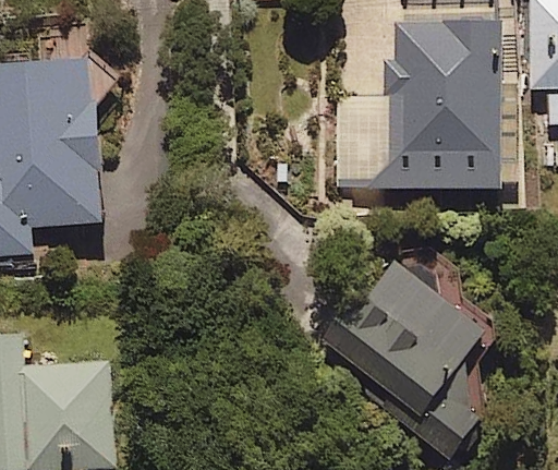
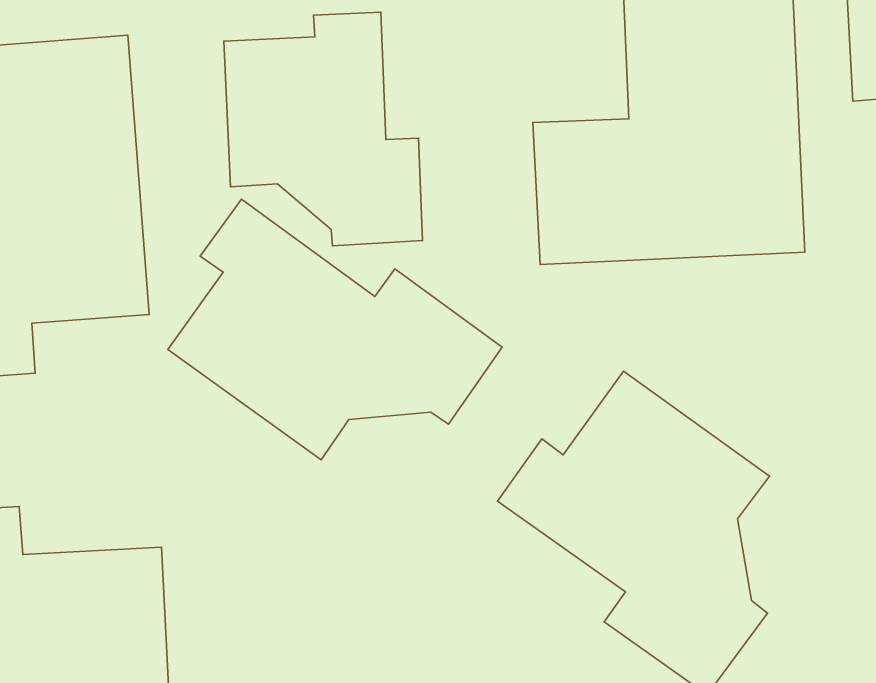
building: none -> [224,12,422,246]
building: none -> [168,199,502,460]

